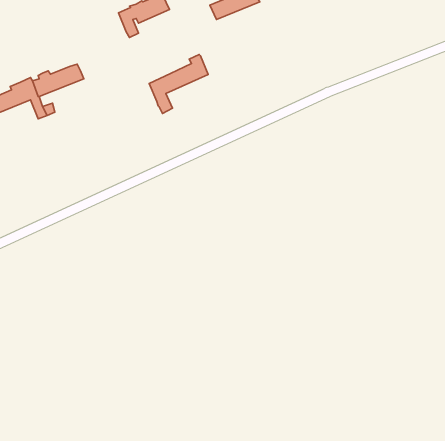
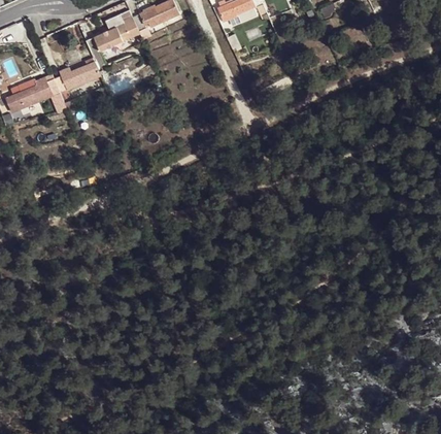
building: [149,55,208,114] -> [84,14,139,69]

